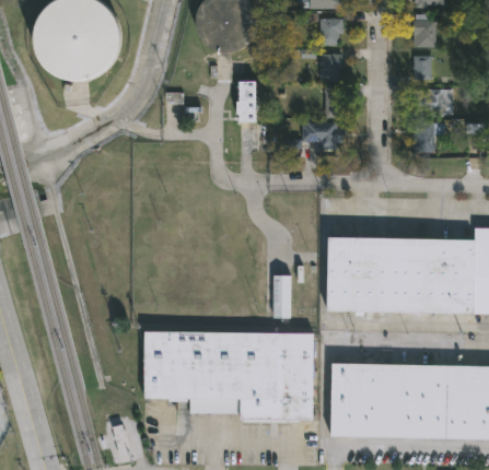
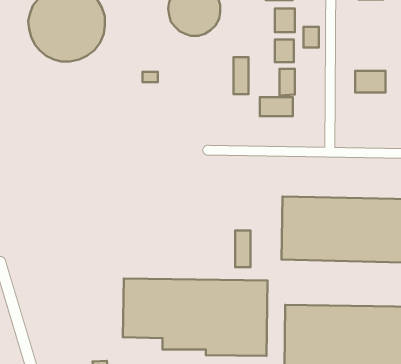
building: [412,16,436,49] -> none
building: [412,56,430,80] -> [304,27,319,48]
building: [238,80,256,122] -> [234,57,249,94]
building: [412,122,433,154] -> none

